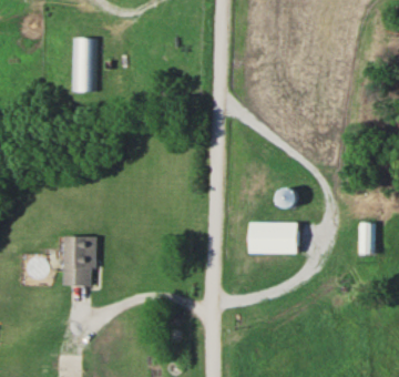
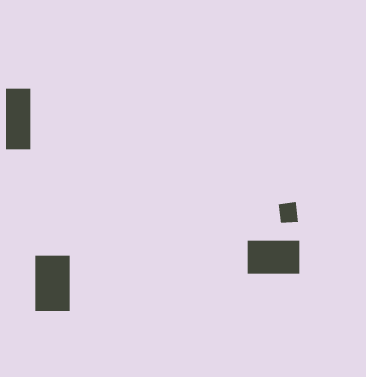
building: [70,38,93,93] -> [5,88,31,150]

